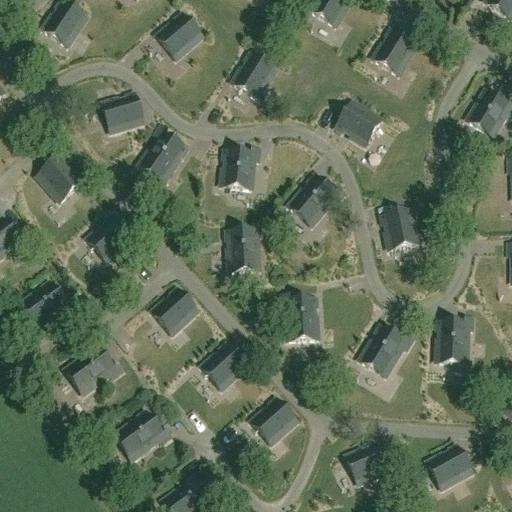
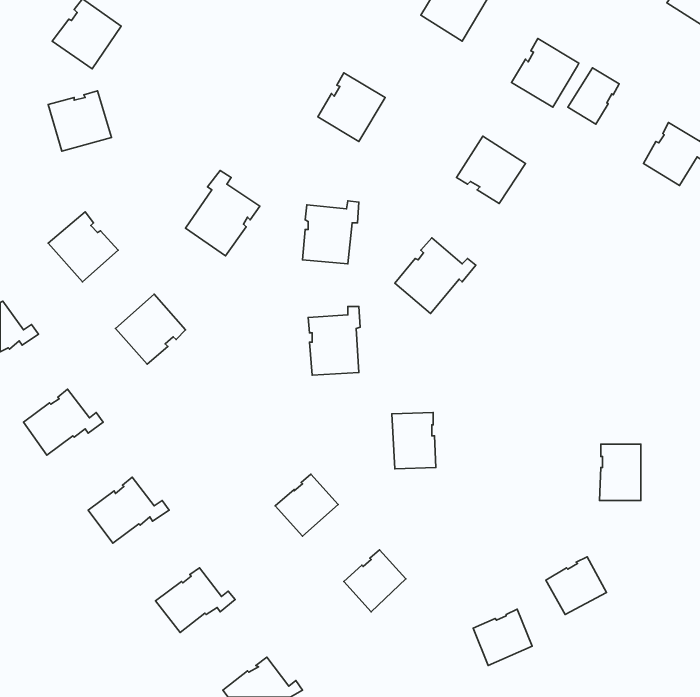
building: [156,13,207,64] -> none
building: none -> [568,68,619,124]
building: [100,91,146,135] -> [48,91,111,151]
building: [381,210,423,254] -> none
building: [153,290,198,335] -> none
building: [361,327,407,376] -> none
building: [427,447,471,489] -> [546,557,606,614]

